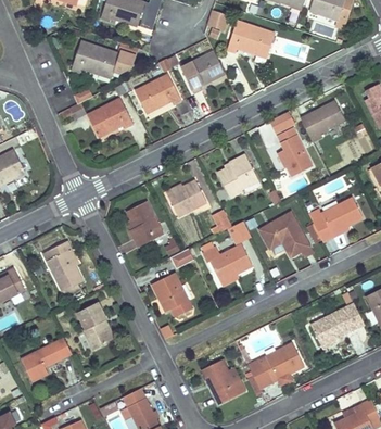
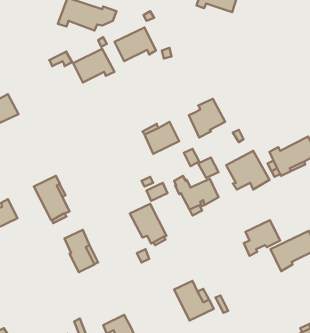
building: [180,50,225,93] -> none
building: [300,100,344,142] -> none
building: [277,127,312,176] -> none
building: [126,201,162,245] -> none
building: [21,337,72,380] -> none
building: [263,343,304,383] -> [244,220,280,256]

